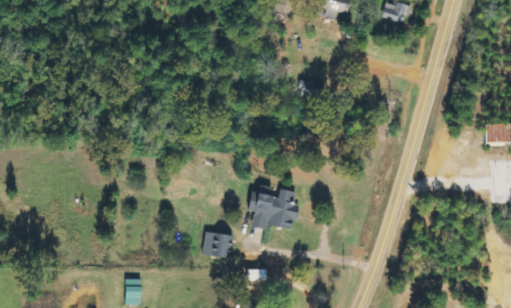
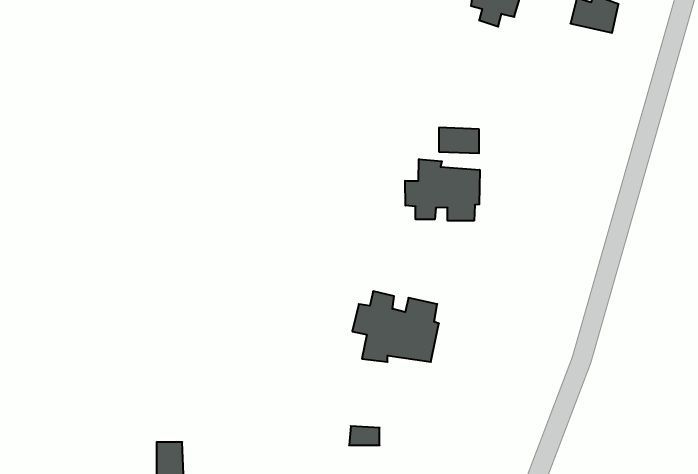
building: none -> [405,159,480,221]
building: [201,232,233,257] -> none

